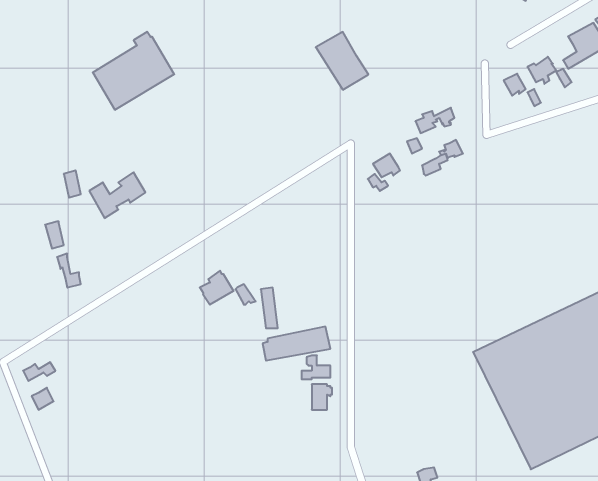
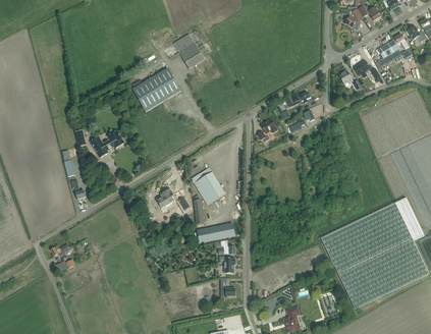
building: [93,32,174,110] -> [132,65,181,112]
building: [316,32,368,90] -> [173,34,205,68]
building: none -> [192,168,225,205]

